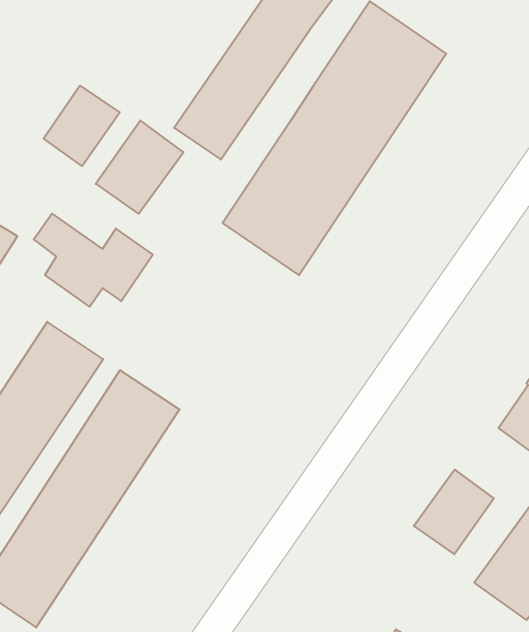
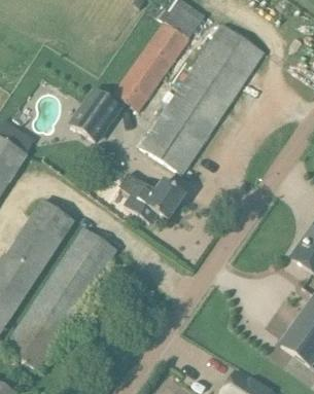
building: [44,86,120,166] -> none
building: [34,214,153,307] -> [118,171,184,222]
building: [414,470,494,554] -> none

